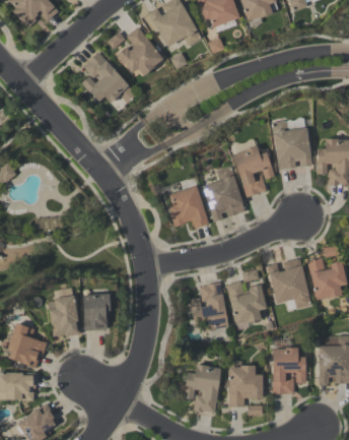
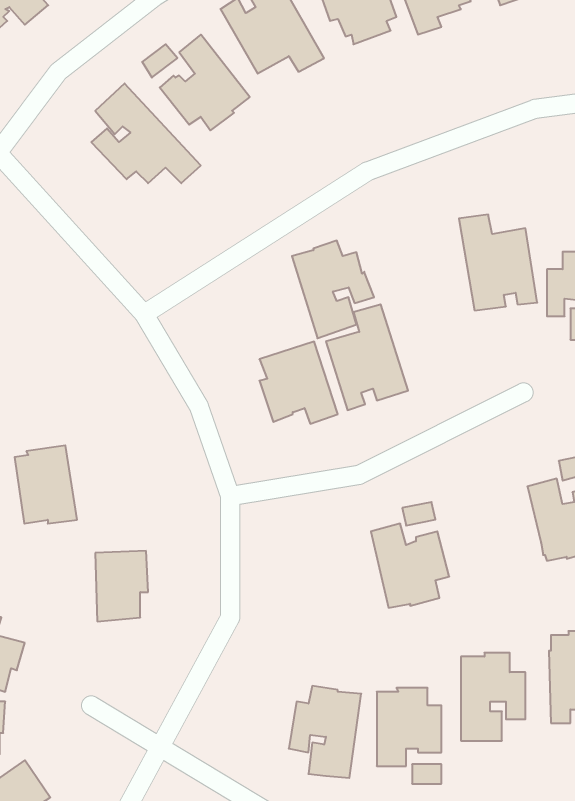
building: [233,146,276,197] -> [292,241,374,338]
building: [267,258,311,310] -> none
building: [190,282,228,332] -> none
building: [48,296,80,336] -> [15,445,77,524]

